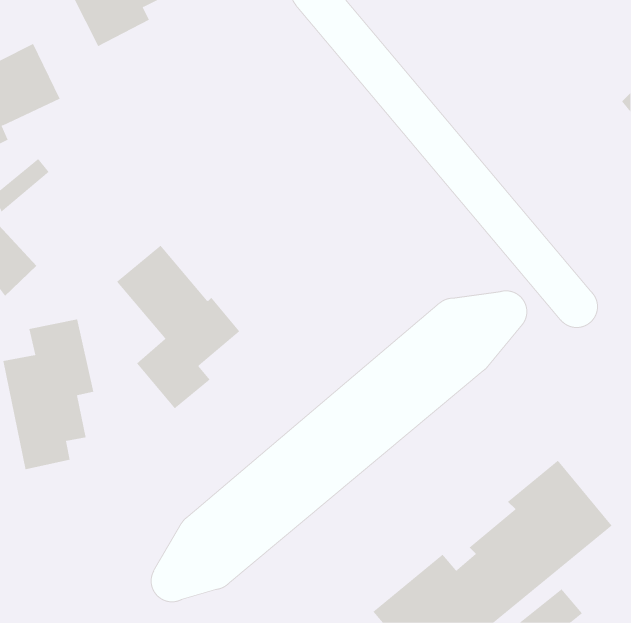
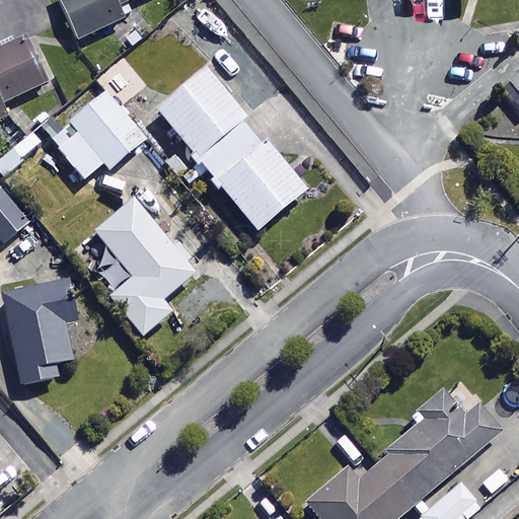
building: none -> [157,68,307,231]
building: none -> [52,92,146,178]

